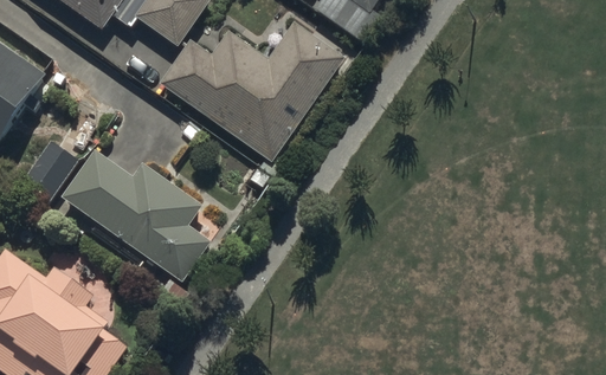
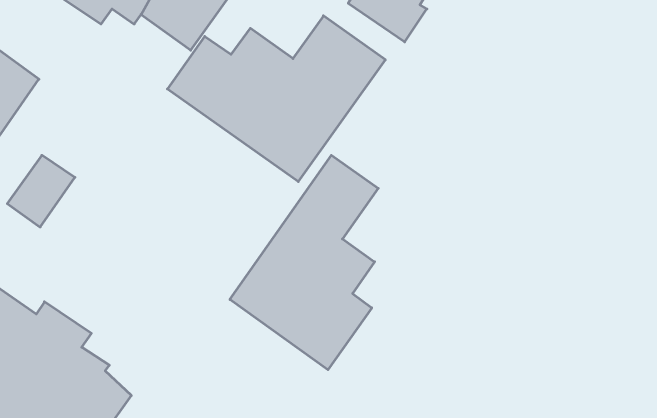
building: none -> [230,155,378,370]
building: [59,147,209,282] -> none

